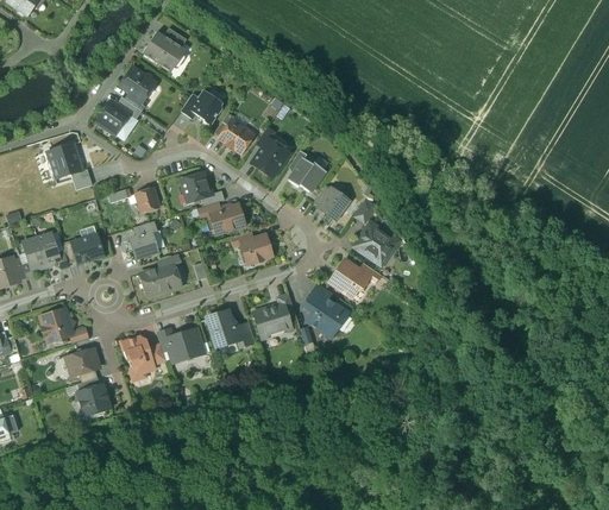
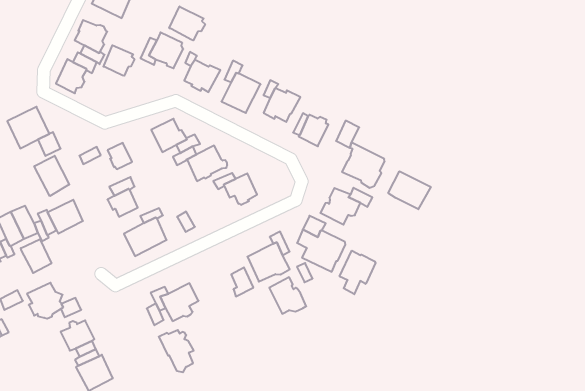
building: none -> [169,6,205,40]
building: none -> [103,45,134,76]
building: none -> [34,156,69,196]
building: none -> [388,171,431,209]
building: none -> [21,239,51,273]
building: [207,310,239,344] -> [269,277,306,314]
building: none -> [340,251,376,294]
building: [120,338,151,378] -> [159,330,194,372]

